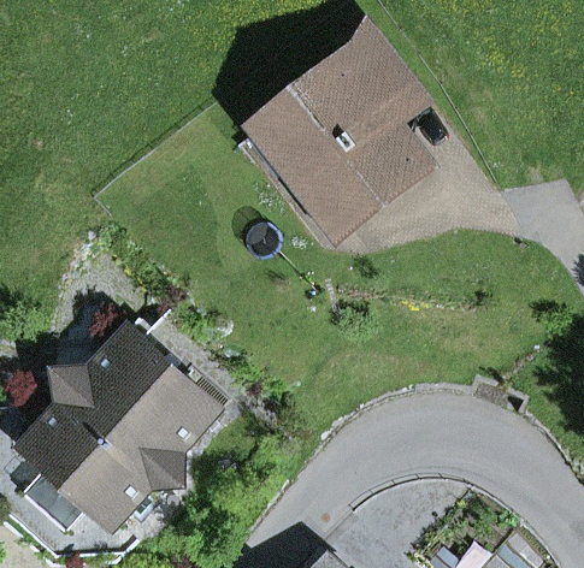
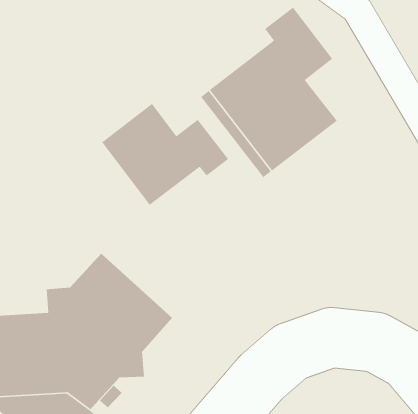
building: none -> [101,103,229,206]

